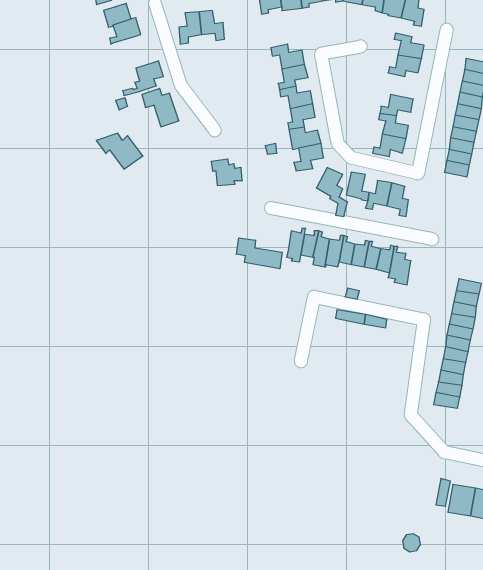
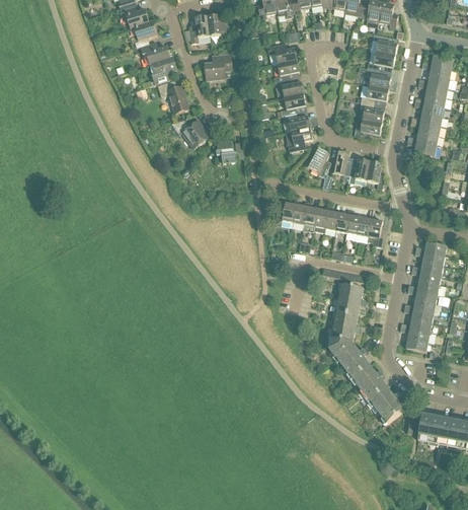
building: none -> [140,41,169,63]
building: none -> [205,53,231,78]
building: none -> [364,66,390,88]
building: [96,133,143,169] -> [170,116,210,146]
building: [236,238,282,269] -> none
building: none -> [328,282,404,421]

